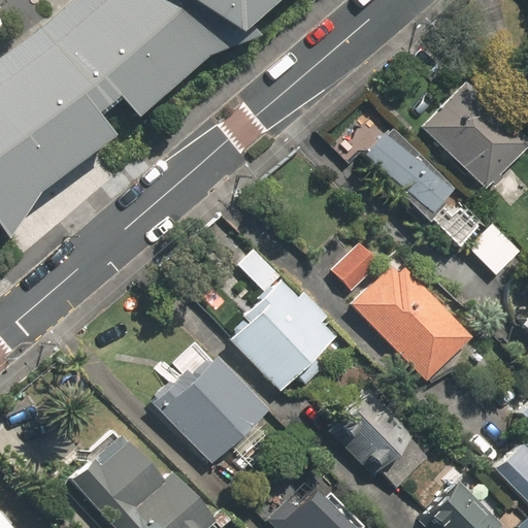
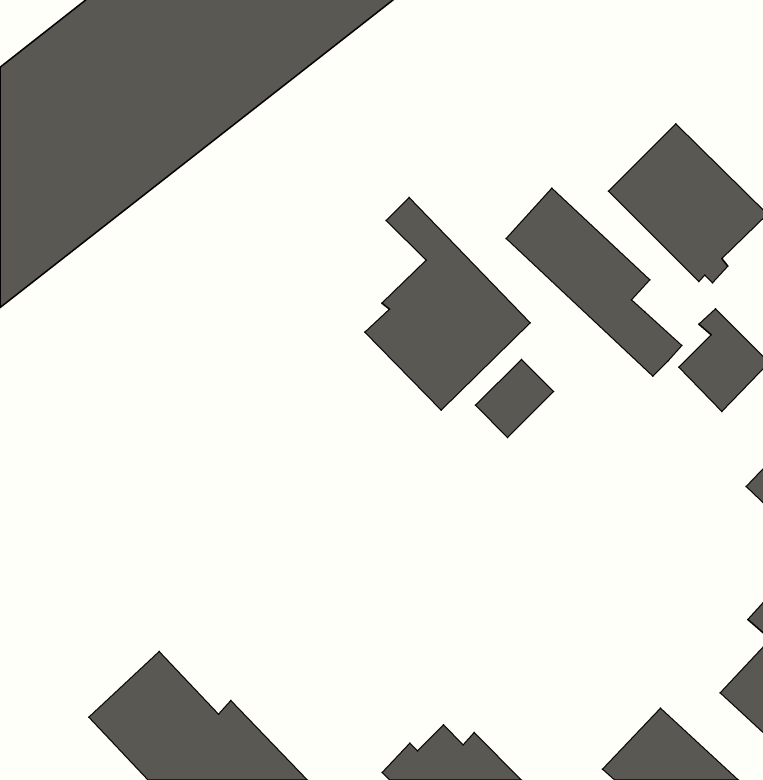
building: [229,251,340,394] -> [365,197,530,410]
building: [354,264,471,381] -> none
building: [154,338,278,465] -> none
building: [332,391,414,472] -> none

